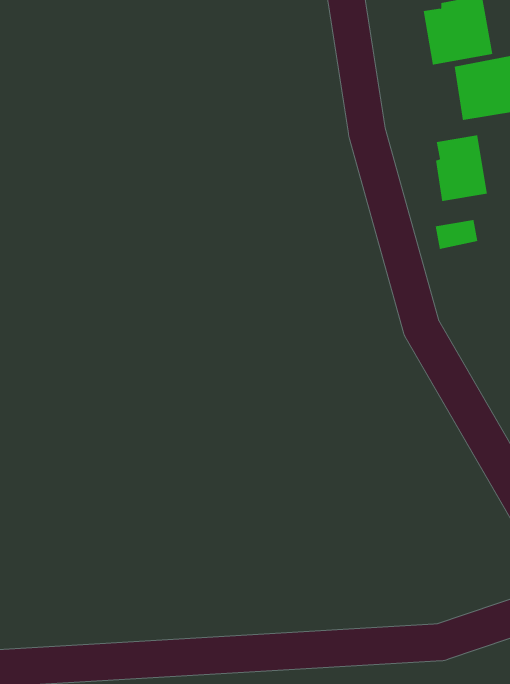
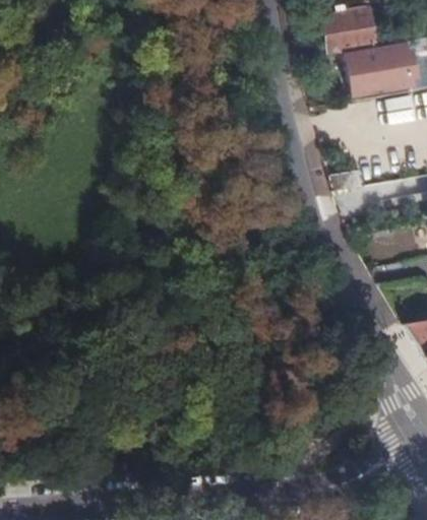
building: [435,134,488,202] -> none

